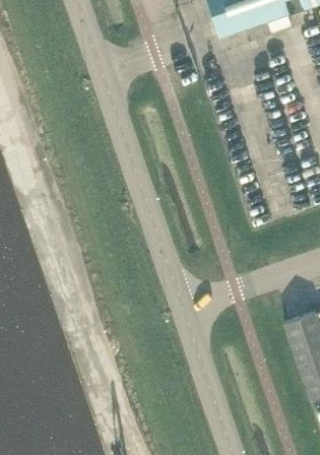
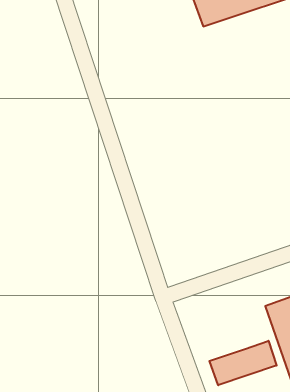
building: none -> [209,341,277,385]

